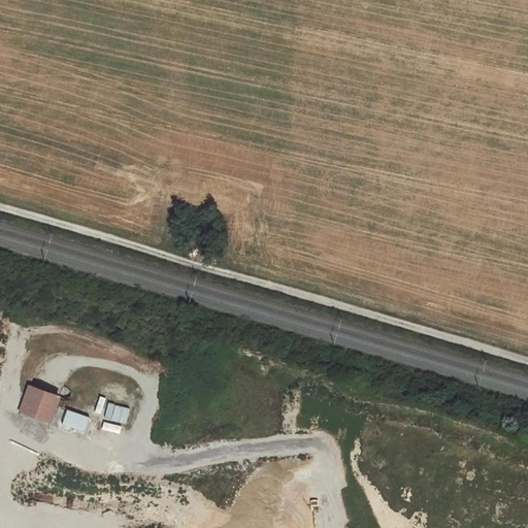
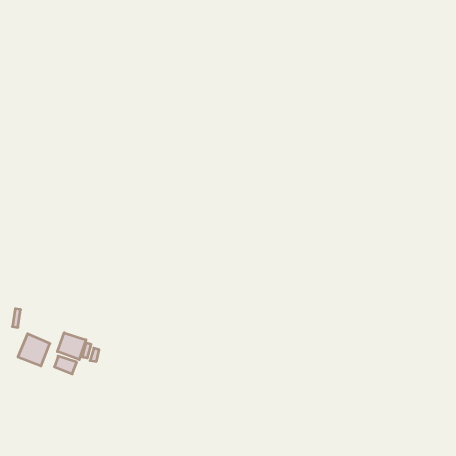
building: none -> [57,333,86,360]

